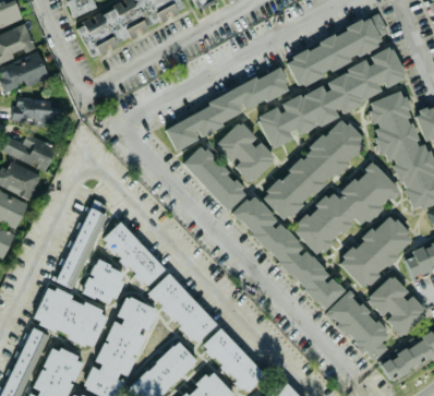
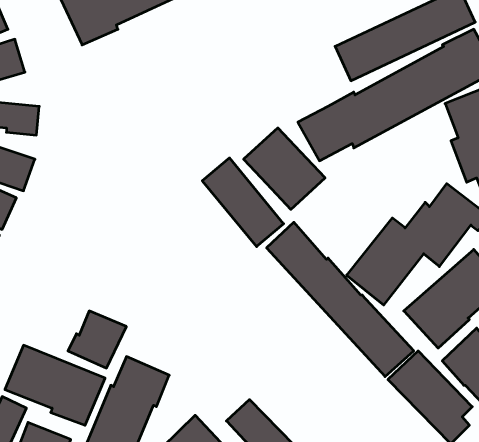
building: [162,68,289,151] -> none
building: [260,120,369,219] -> none
building: [56,200,107,289] -> none
building: [100,221,165,287] -> none
building: [148,273,217,344] -> none

